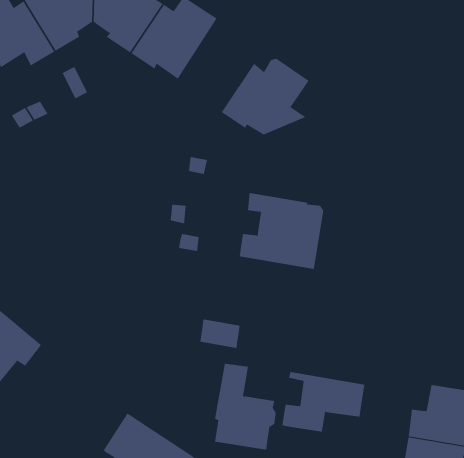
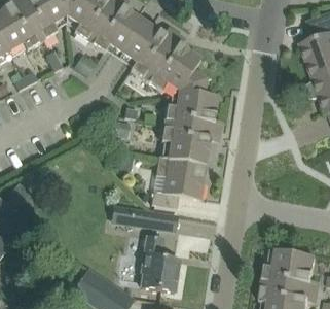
building: none -> [118,20,166,78]
building: none -> [162,81,217,135]
building: [281,371,365,432] -> [151,169,204,207]

